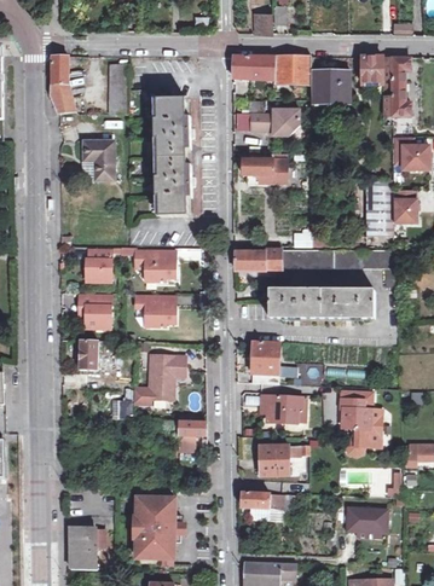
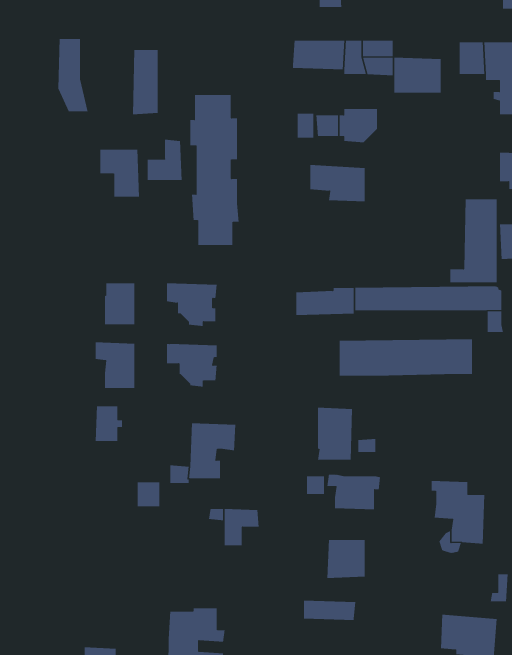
building: none -> [147,139,182,181]

